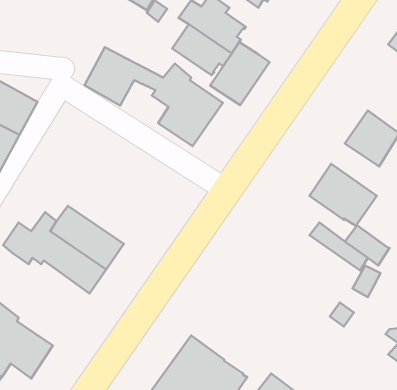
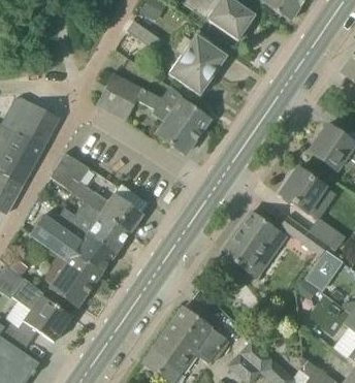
building: [210,42,269,105] -> none
building: none -> [51,152,142,232]
building: none -> [222,211,285,276]
building: none -> [49,244,101,307]

